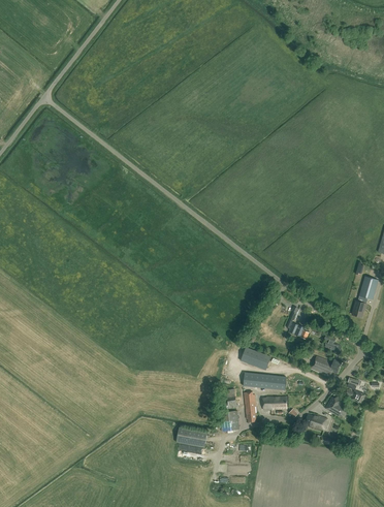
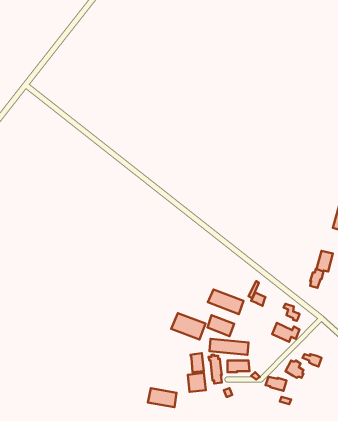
building: none -> [208,290,244,314]
building: none -> [171,313,205,340]

